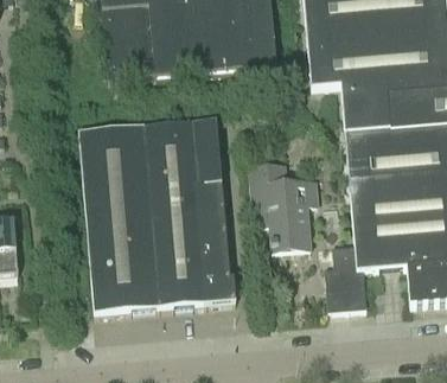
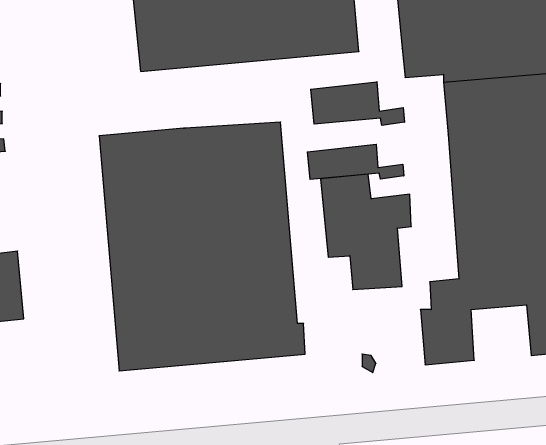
building: none -> [311,82,404,125]
building: none -> [307,144,404,179]

